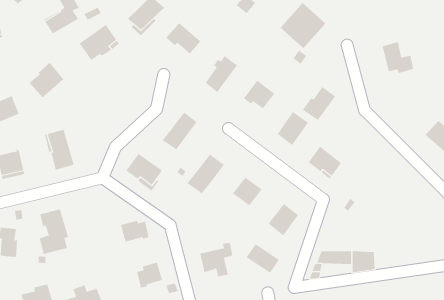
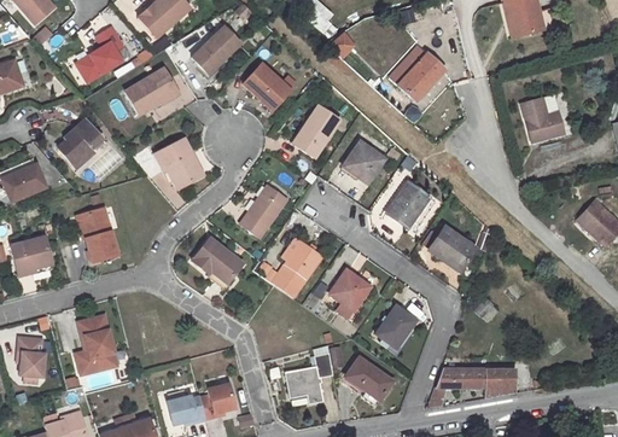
building: none -> [158,140,209,188]
building: [302,86,336,121] -> none
building: [120,220,149,242] -> [167,395,205,424]

